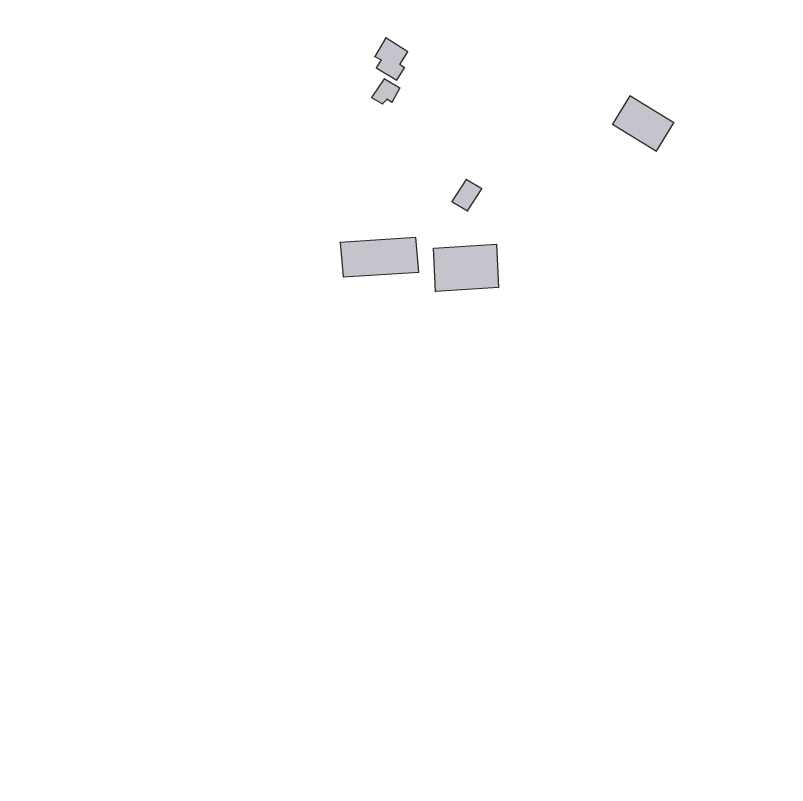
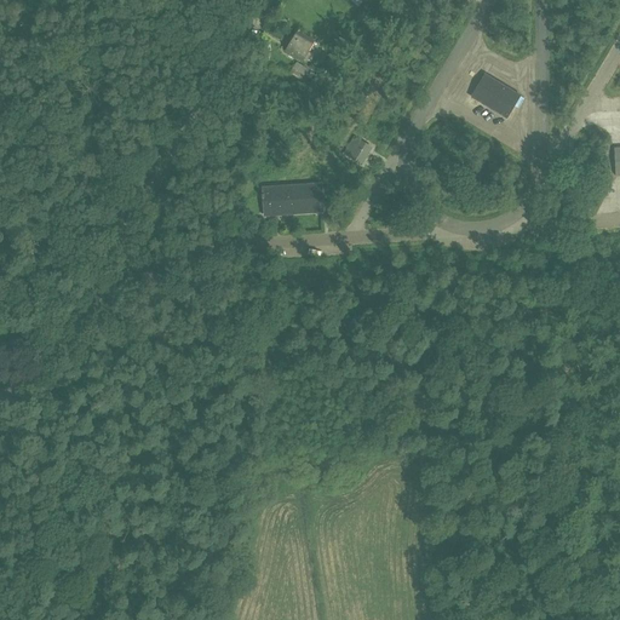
building: [434,244,498,292] -> none

